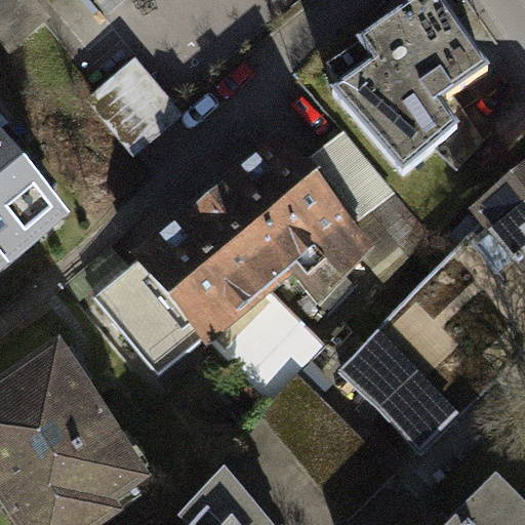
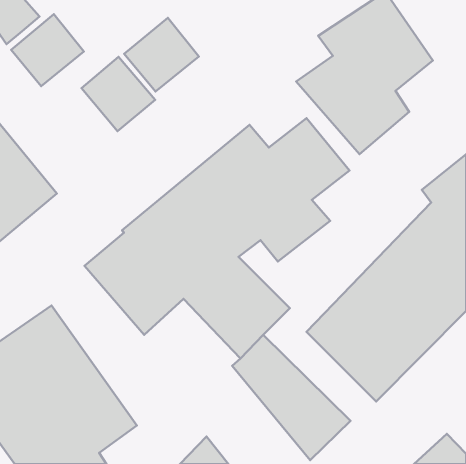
building: none -> [11,14,84,86]
building: none -> [124,18,199,92]

